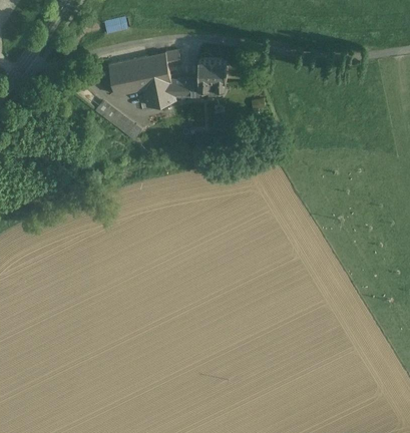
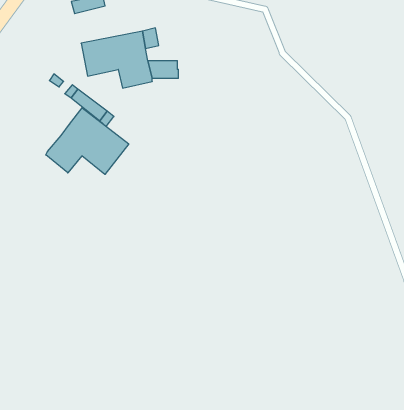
building: [197,61,226,90] -> none
building: none -> [46,108,129,174]

